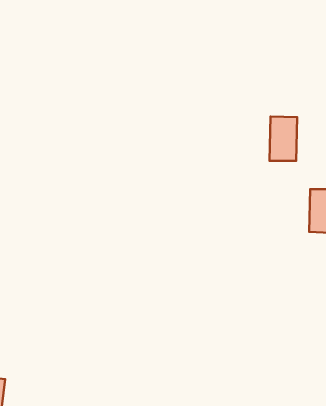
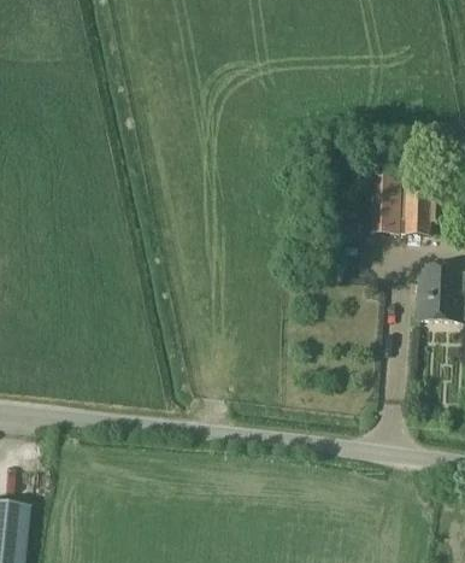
building: none -> [407,190,431,231]

